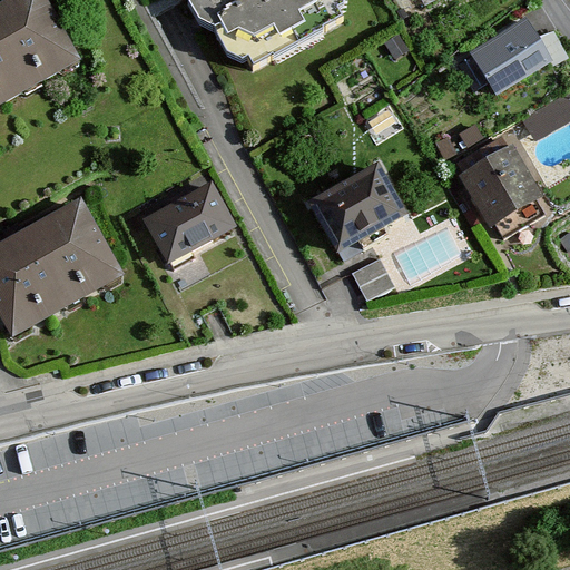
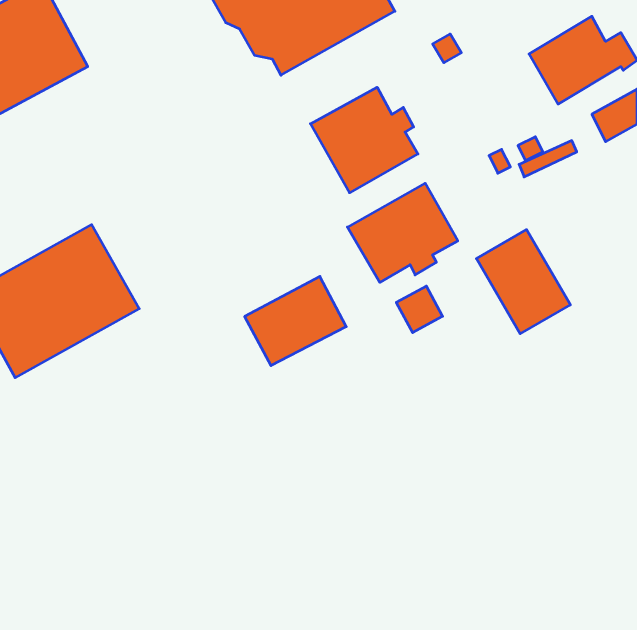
building: none -> [310,87,418,193]
building: [464,145,548,237] -> [476,230,570,334]
building: [144,179,234,258] -> [245,276,346,366]

